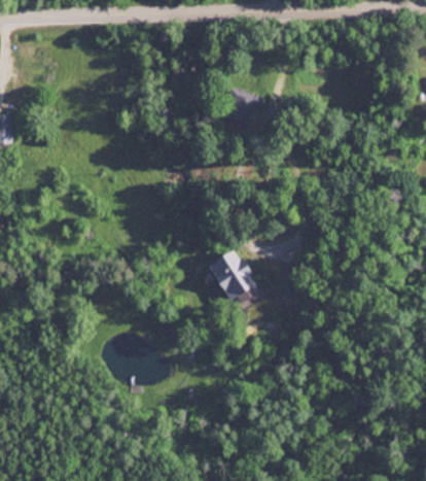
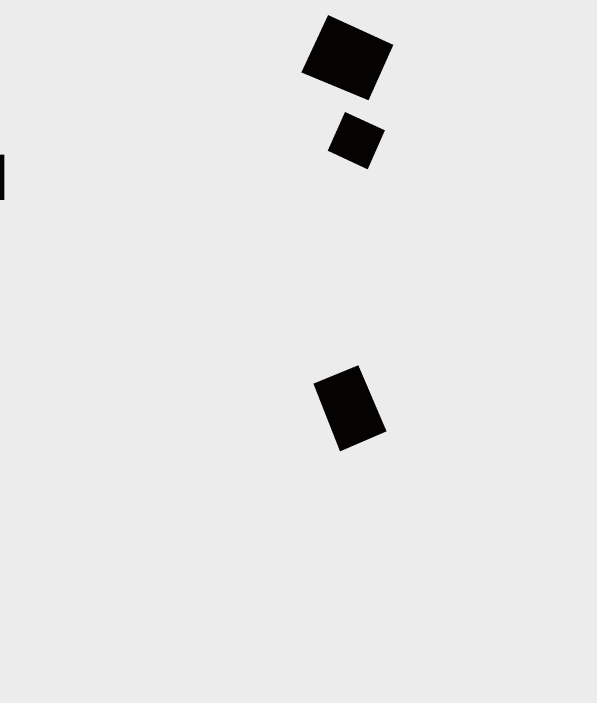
building: none -> [301,14,394,101]

